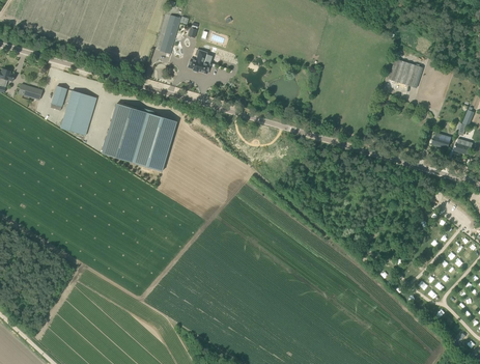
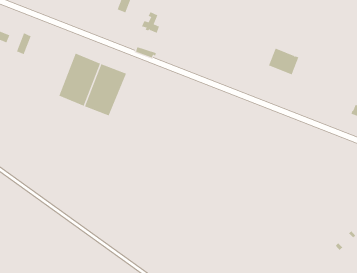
building: [389,58,423,87] -> [268,48,299,75]
building: [61,89,96,135] -> none

